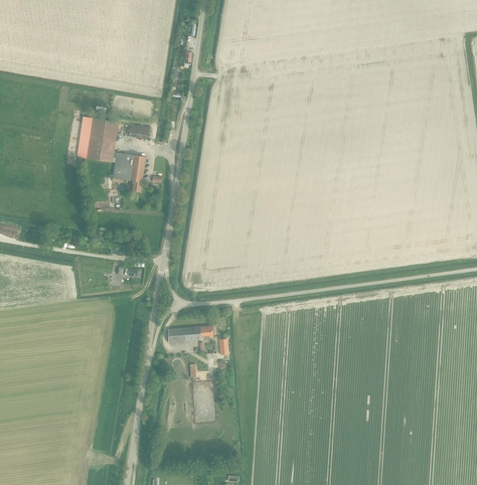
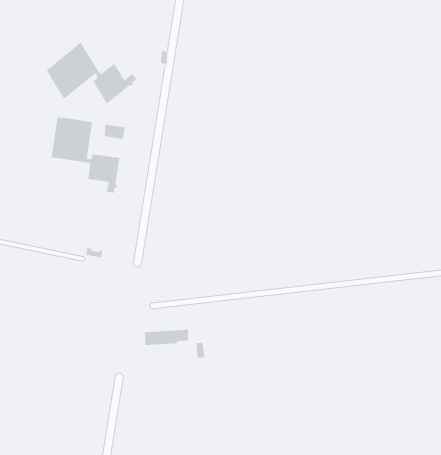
building: none -> [46,41,137,105]

